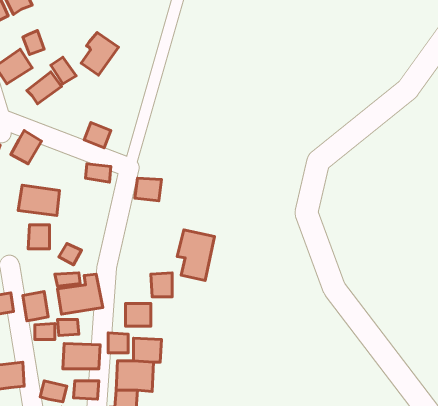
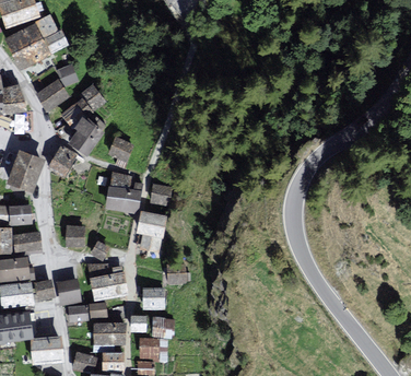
building: [81,32,118,75] -> [71,117,102,152]
building: [18,185,60,216] -> [105,189,139,214]
building: [177,230,214,280] -> [138,213,168,255]

